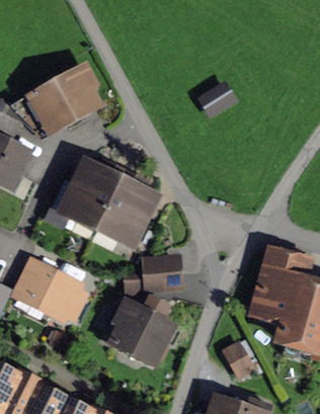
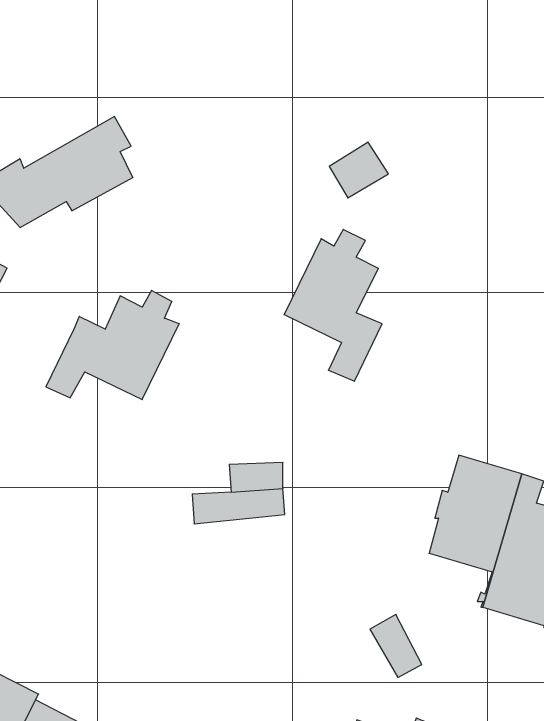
building: [98,179,152,262] -> [284,229,382,381]
building: [28,267,78,315] -> none
building: [108,301,170,360] -> none

